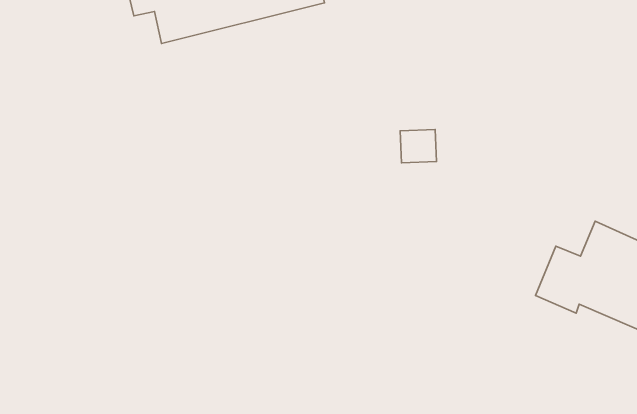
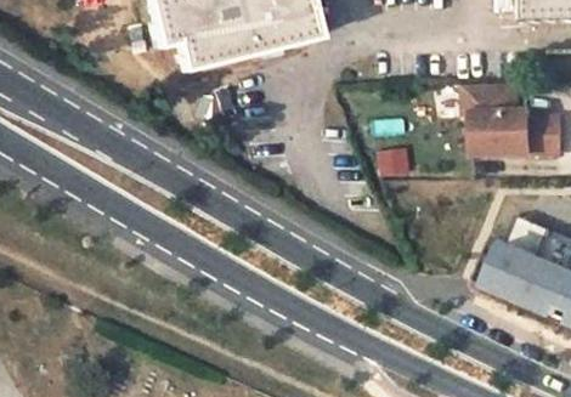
building: none -> [463,84,554,155]

